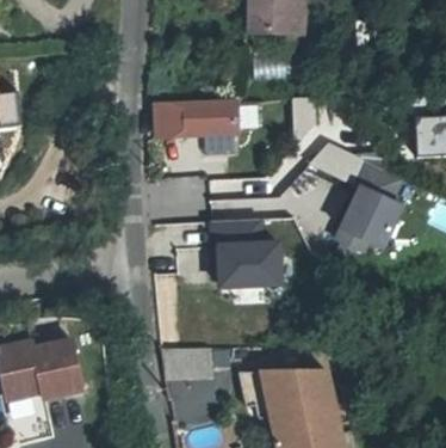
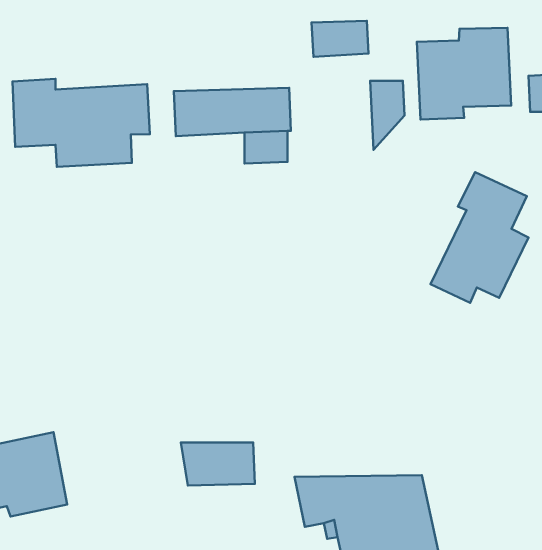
building: none -> [417,28,511,119]
building: none -> [13,79,150,167]
building: [212,219,281,287] -> none

